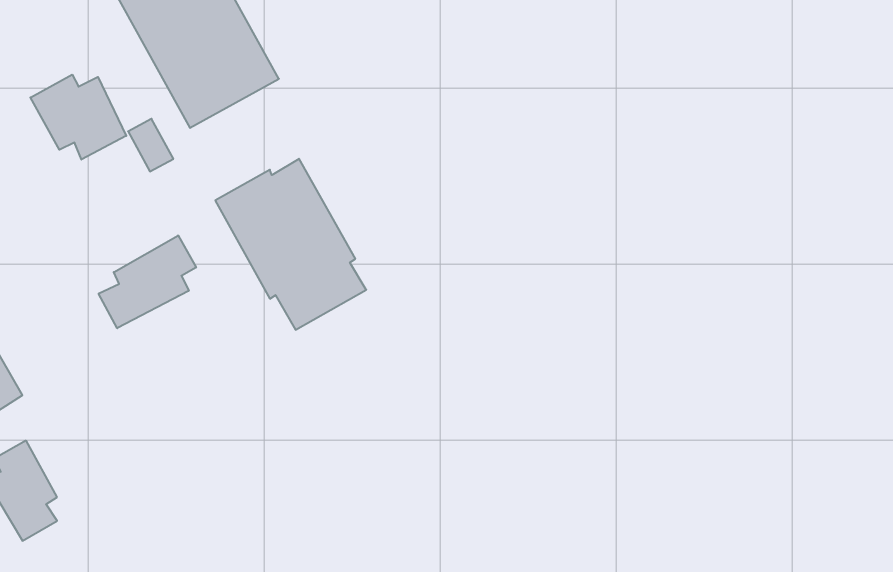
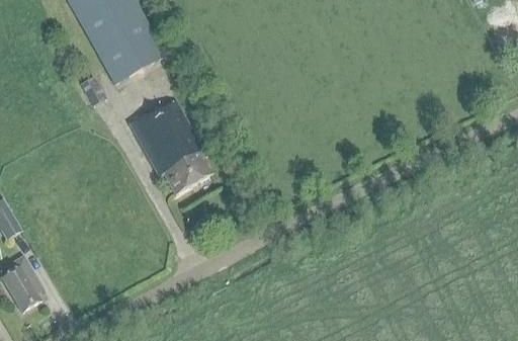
building: [30,75,126,160] -> none
building: [99,235,196,328] -> none

